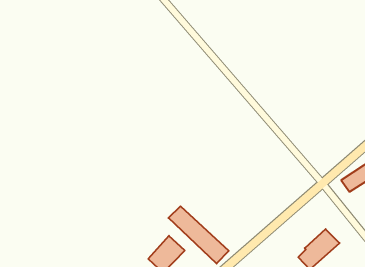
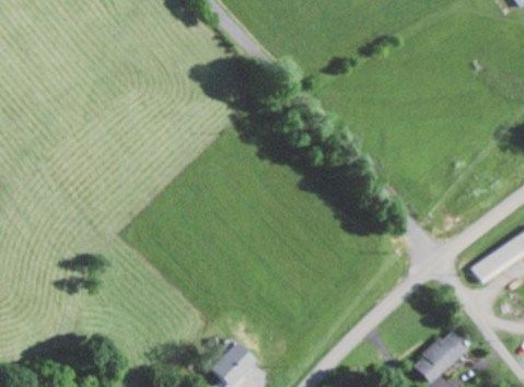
building: [168,206,229,264] -> none

